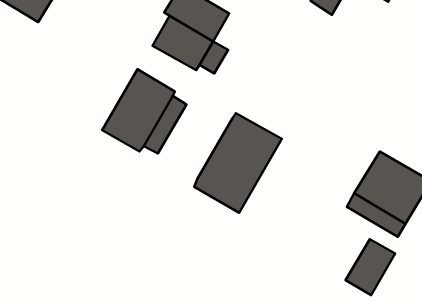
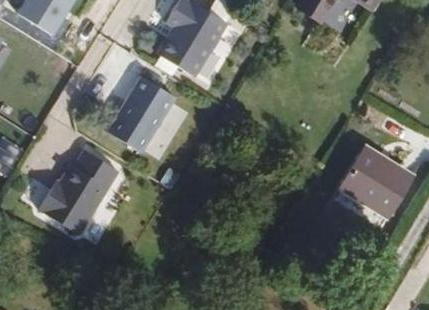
building: [194,113,282,213] -> none
building: none -> [42,148,116,235]
building: [345,239,395,295] -> none

